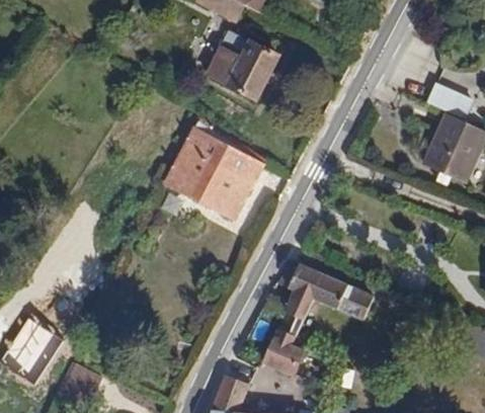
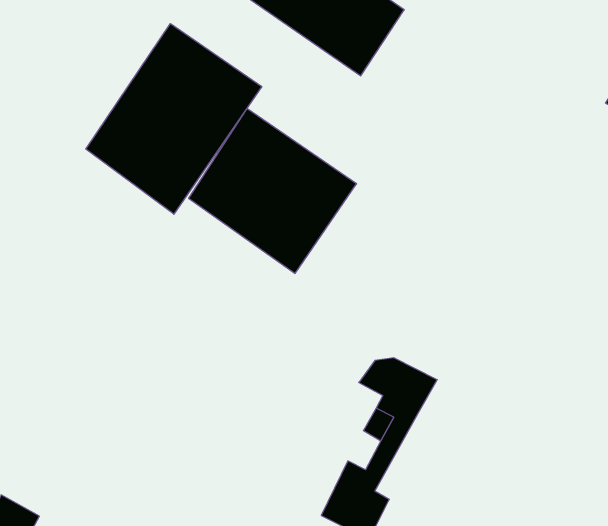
building: none -> [86,24,262,214]
building: [316,273,378,331] -> none

